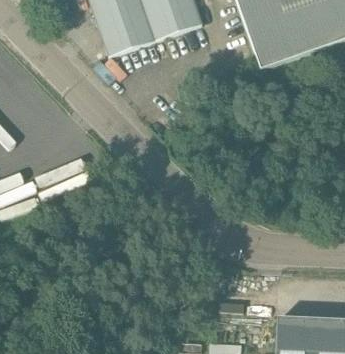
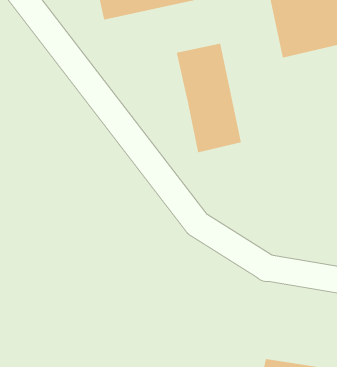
building: none -> [176,43,242,153]

